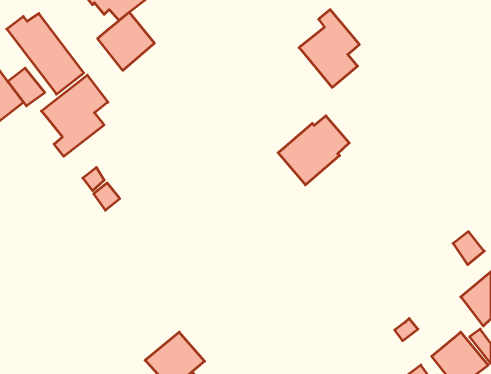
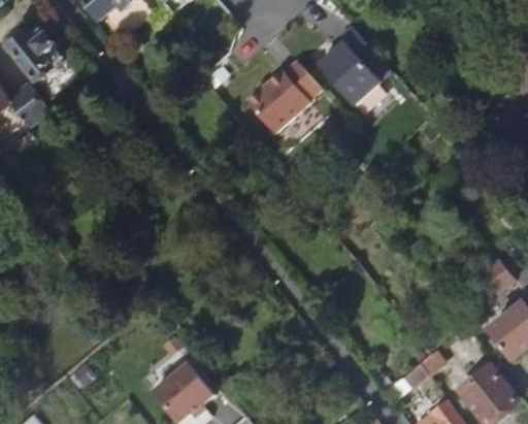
building: [98,12,154,70] -> none
building: [41,75,108,156] -> none
building: [278,116,349,185] -> [246,59,322,132]

